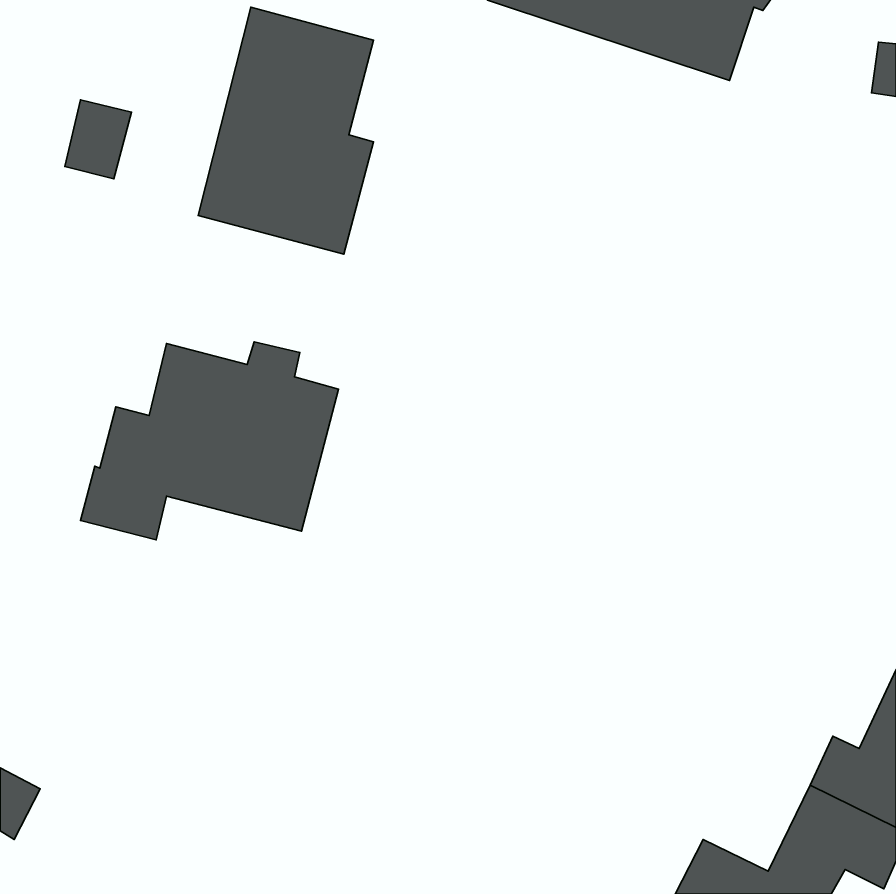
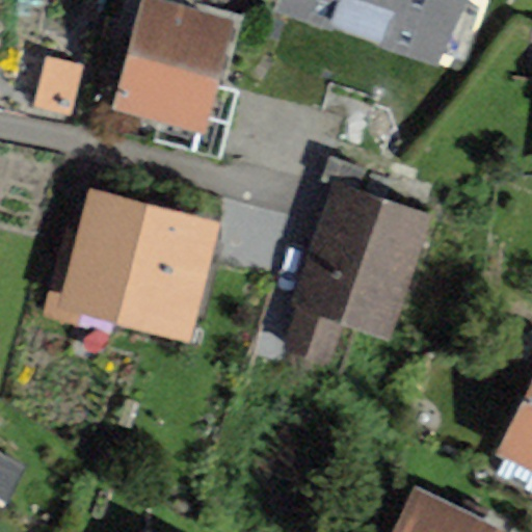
building: none -> [287,156,425,357]

